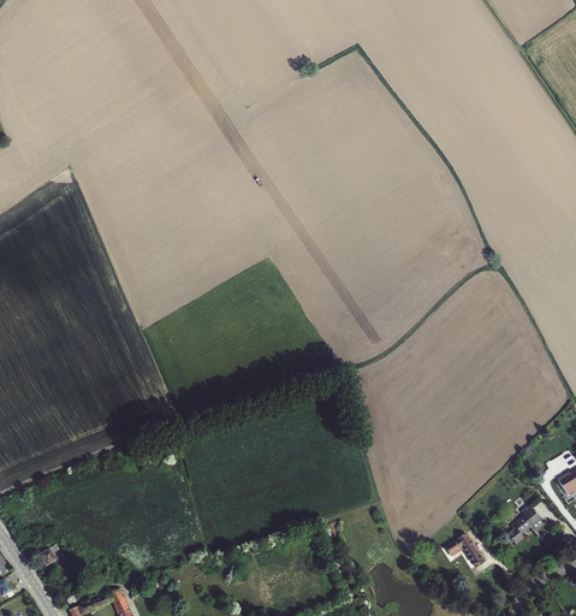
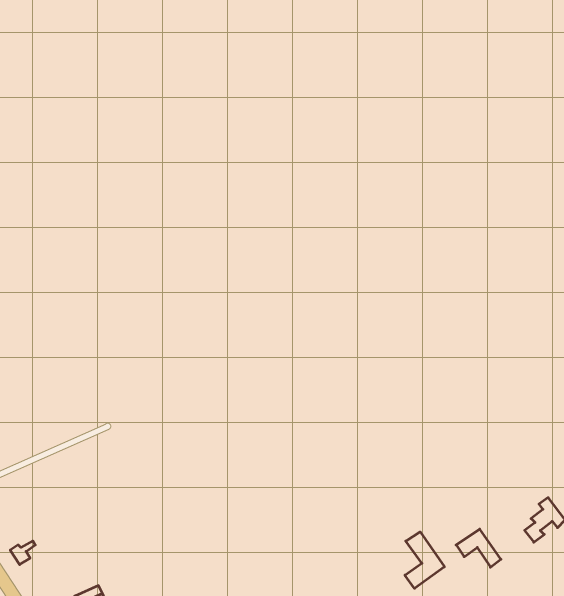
building: none -> [405,532,444,588]

